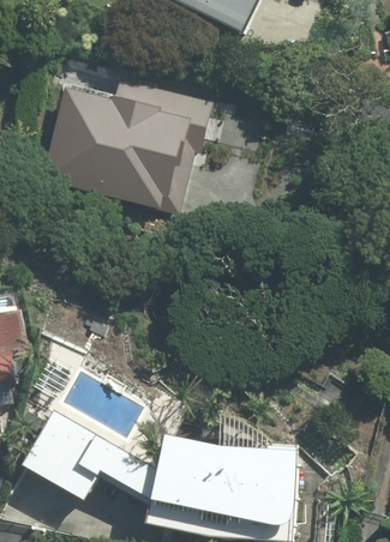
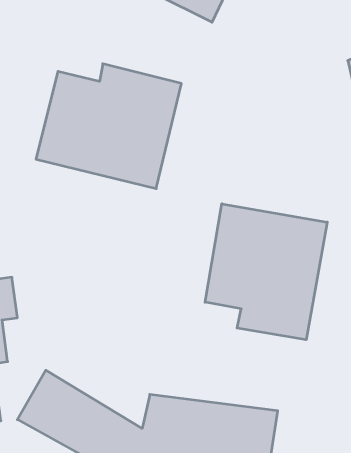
building: none -> [205,204,327,340]

